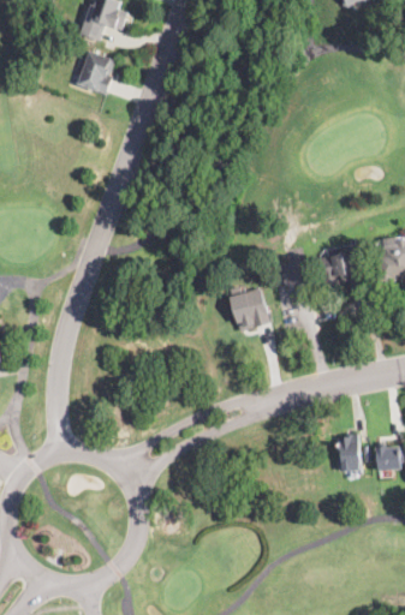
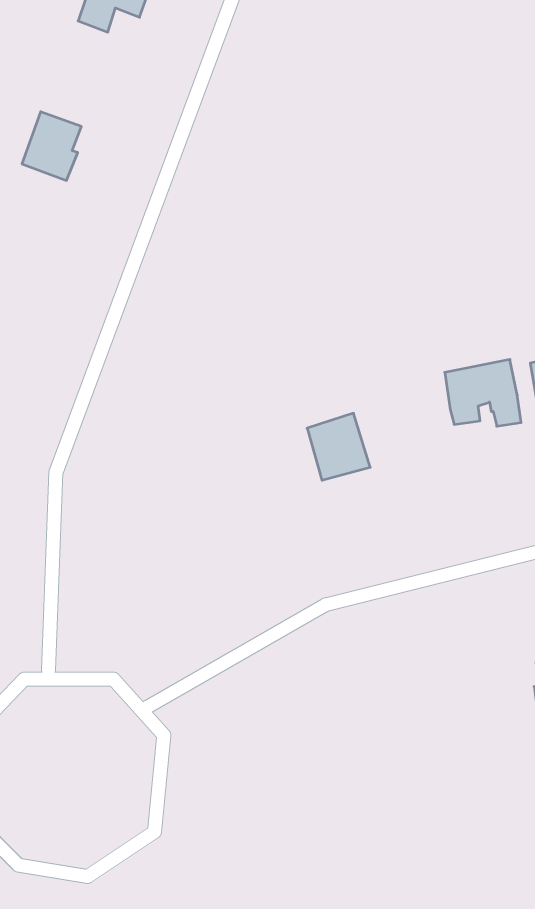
building: [77,48,115,92] -> [22,112,81,180]
building: [336,435,361,472] -> none

